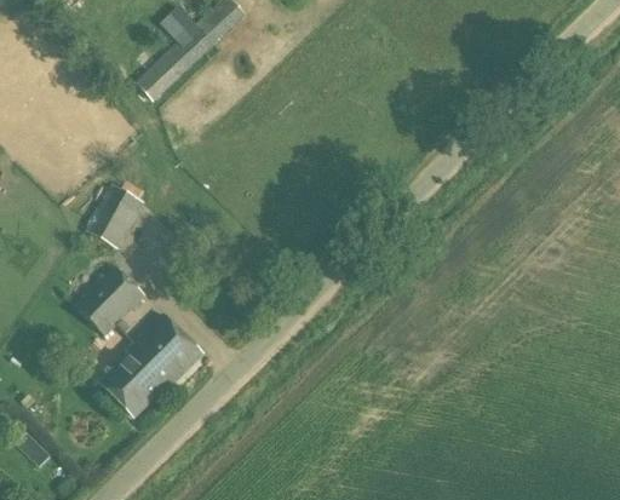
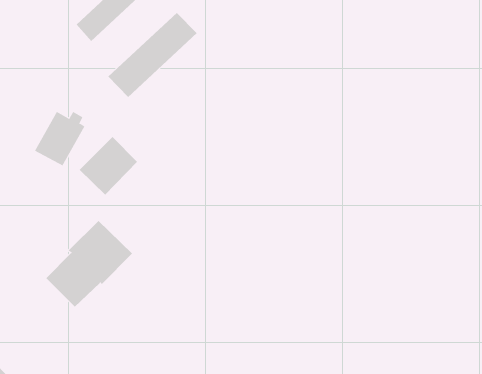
building: none -> [108,12,197,98]
building: [74,266,144,337] -> [79,136,138,195]

